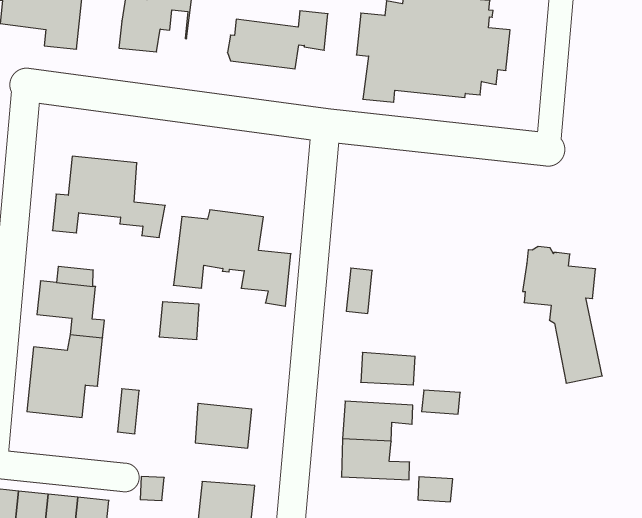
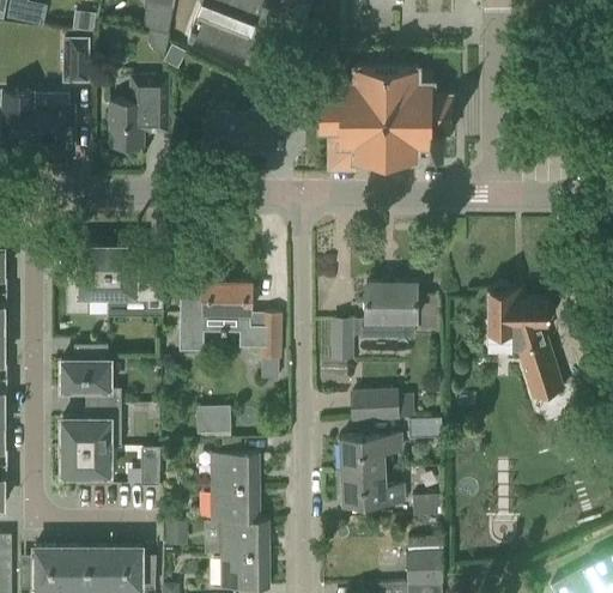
building: none -> [360,284,415,338]
building: [159,302,199,339] -> [198,405,231,437]
building: none -> [212,489,268,522]

